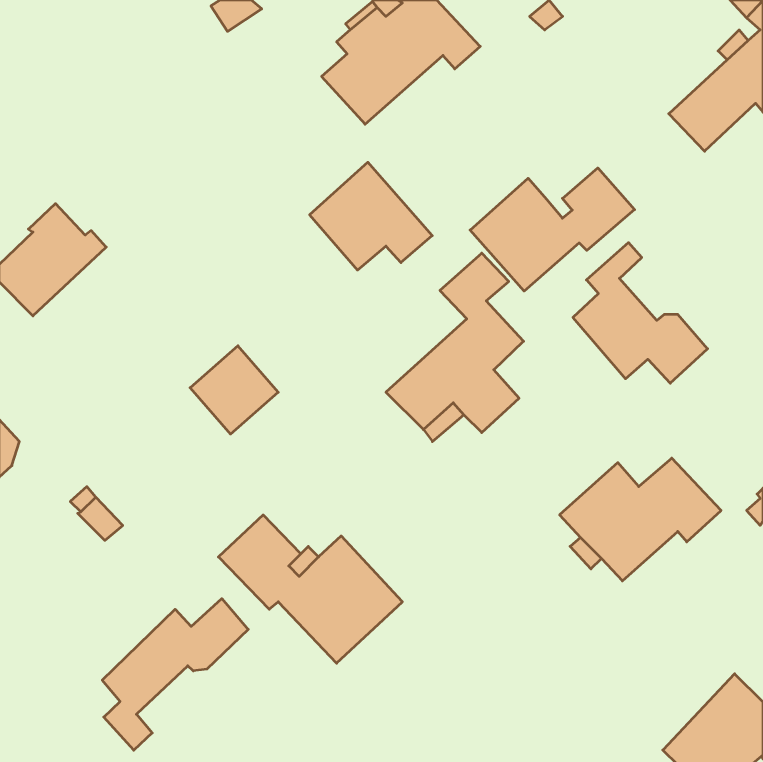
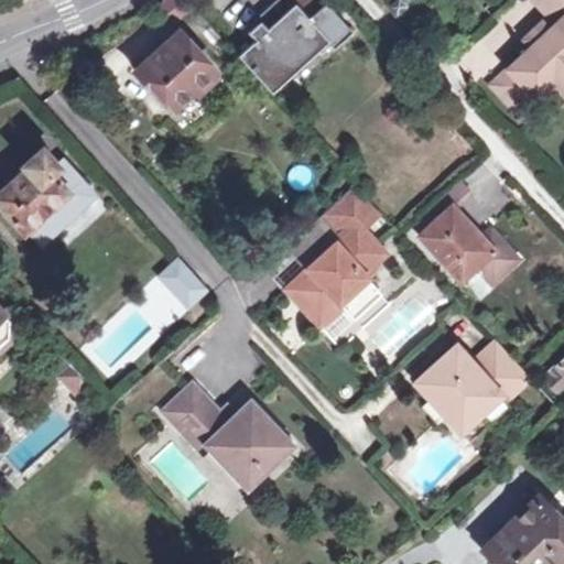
building: [310,162,432,270] -> [133,32,224,111]
building: [470,168,635,291] -> none
building: [102,599,248,750] -> none

